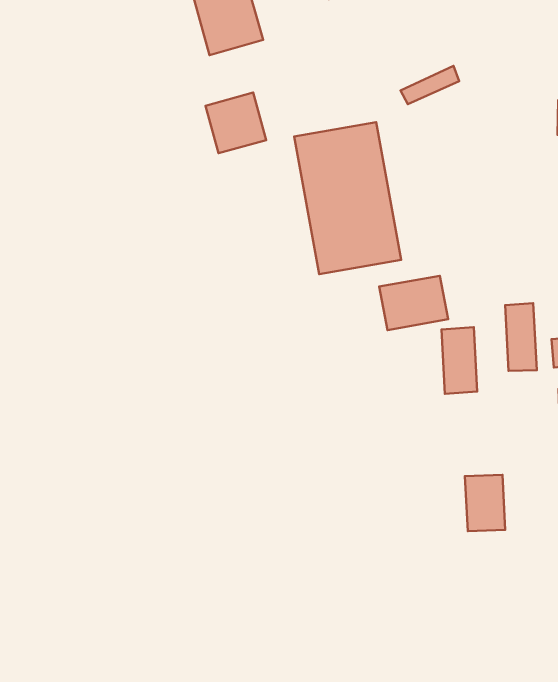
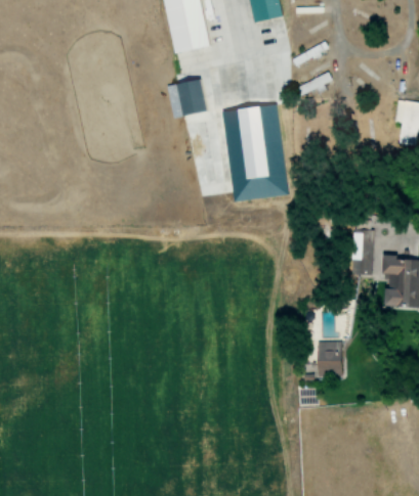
building: [379,276,448,330] -> none
building: [441,327,477,394] -> none

